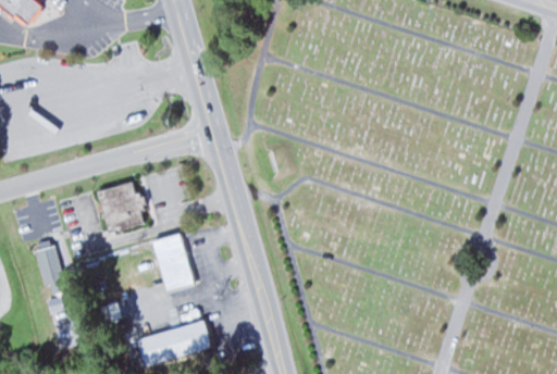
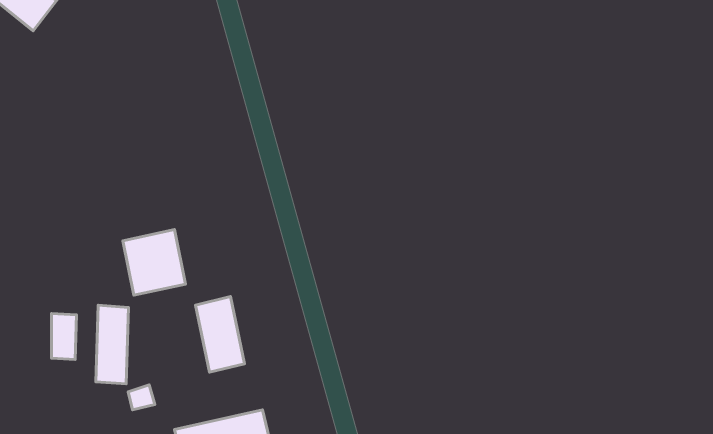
building: none -> [96,305,129,384]

